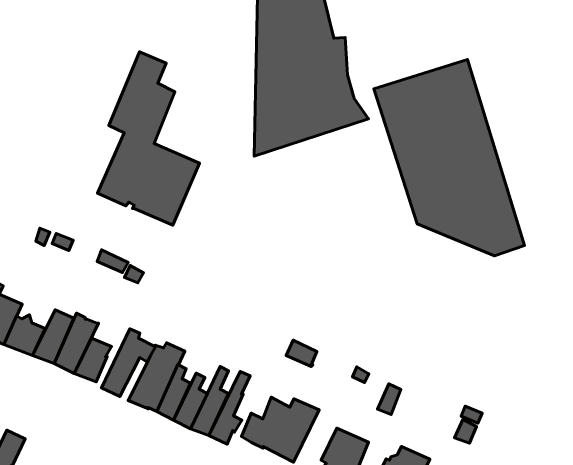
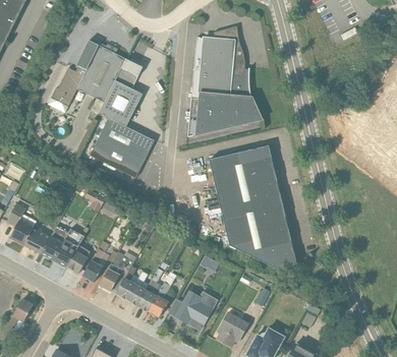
building: none -> [48,41,125,114]
building: [374,59,525,256] -> [209,145,296,270]

